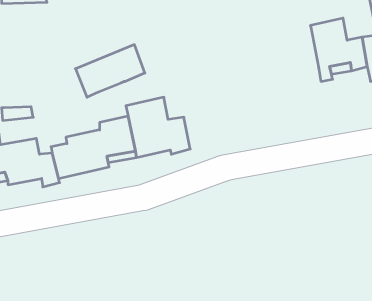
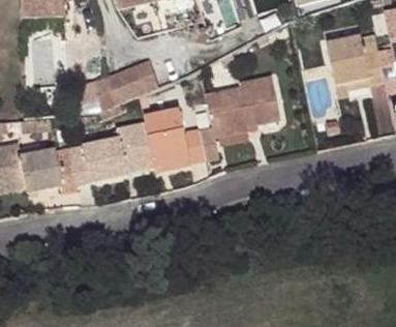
building: none -> [200,76,282,160]

